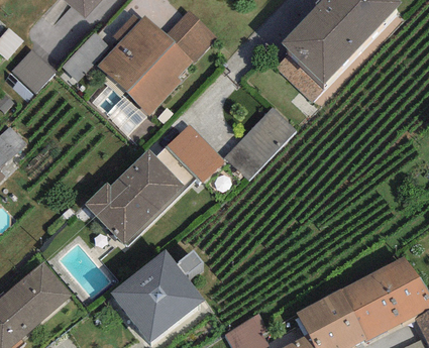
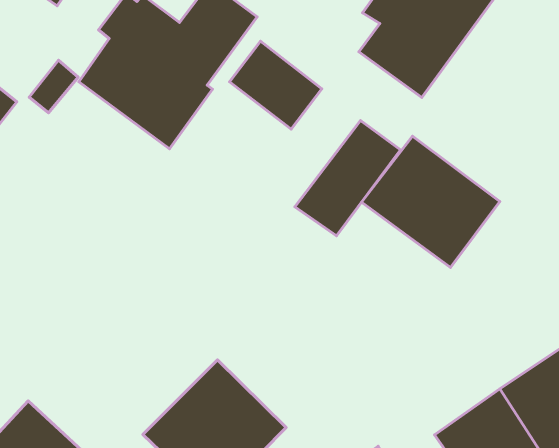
building: none -> [362,136,500,267]
building: [167,125,224,183] -> [230,41,322,129]
building: [85,149,185,245] -> none

